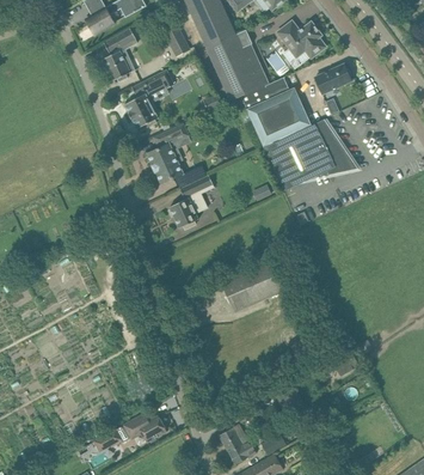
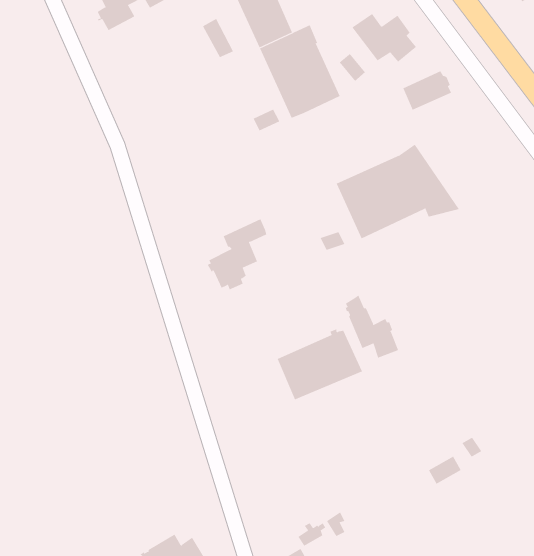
building: [104,28,137,81] -> none
building: [124,68,174,129] -> none
building: [241,77,313,148] -> none
building: [147,122,189,183] -> none
building: none -> [345,294,399,359]

